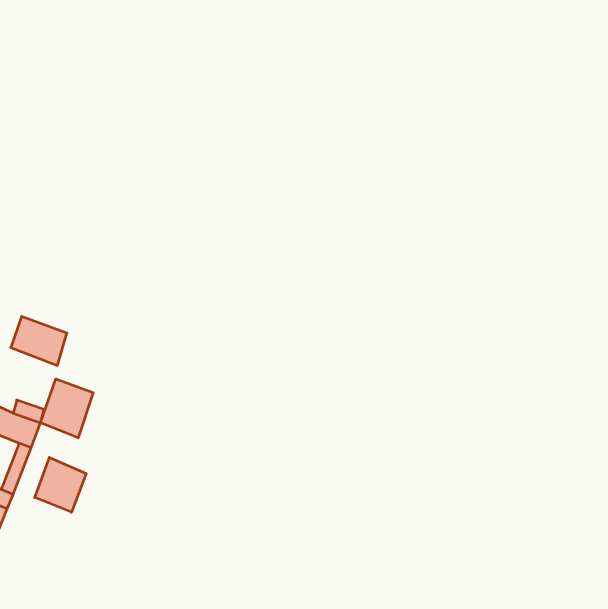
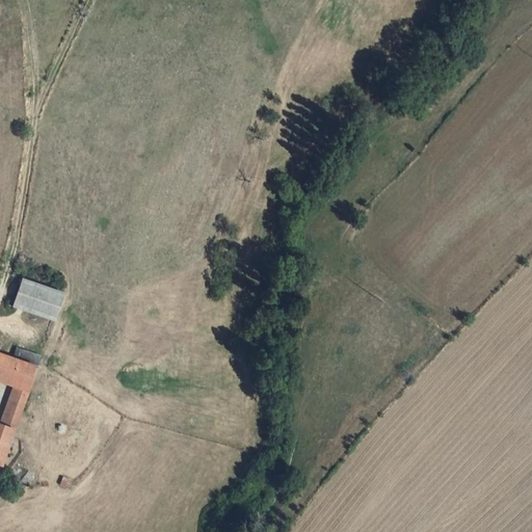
building: [41,379,93,438] -> none
building: [35,457,86,512] -> none

